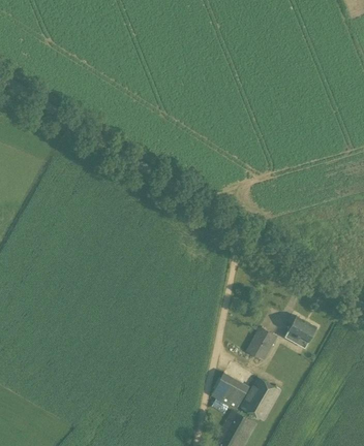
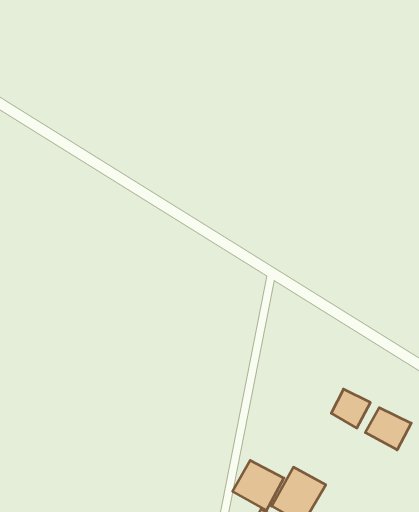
building: [245,323,277,360] -> none
building: none -> [365,408,411,450]

